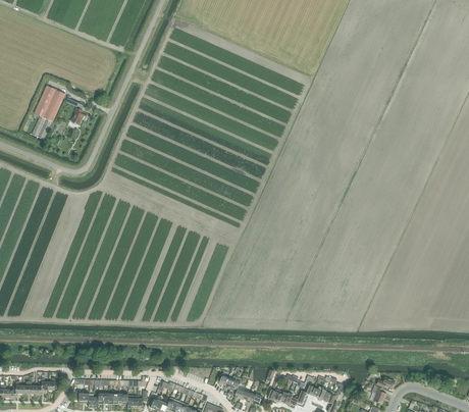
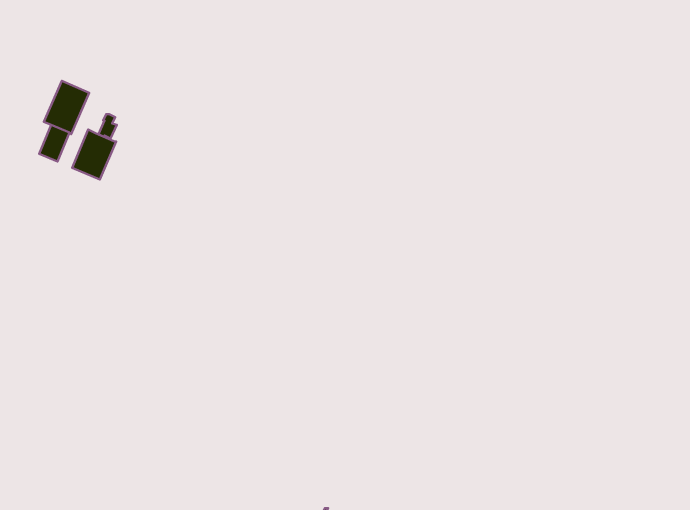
building: none -> [72,130,116,180]

